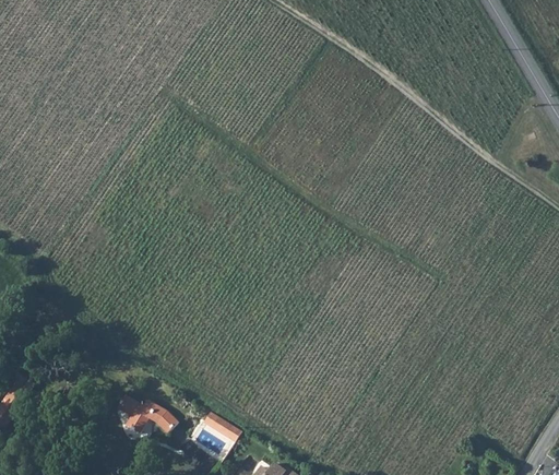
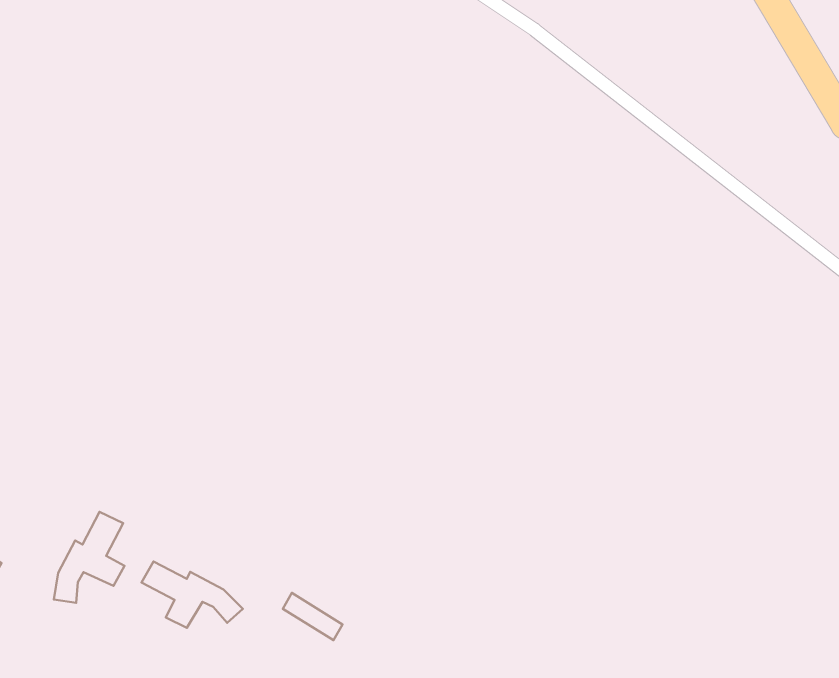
building: none -> [54,512,125,603]

